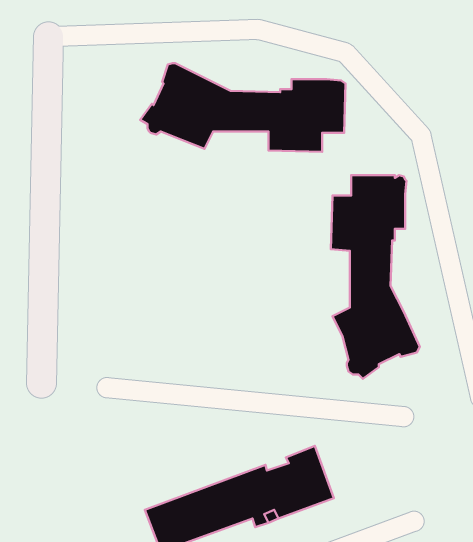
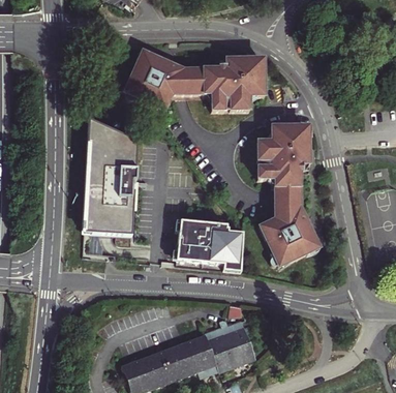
building: none -> [85,122,138,236]
building: none -> [176,220,243,271]

